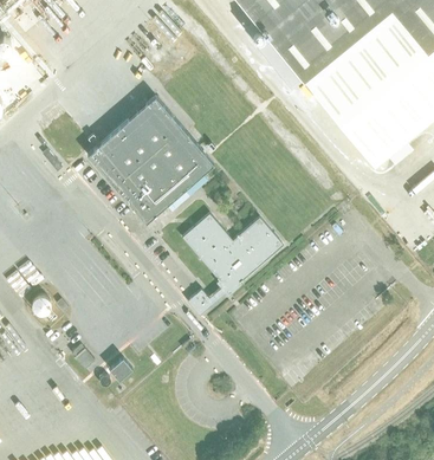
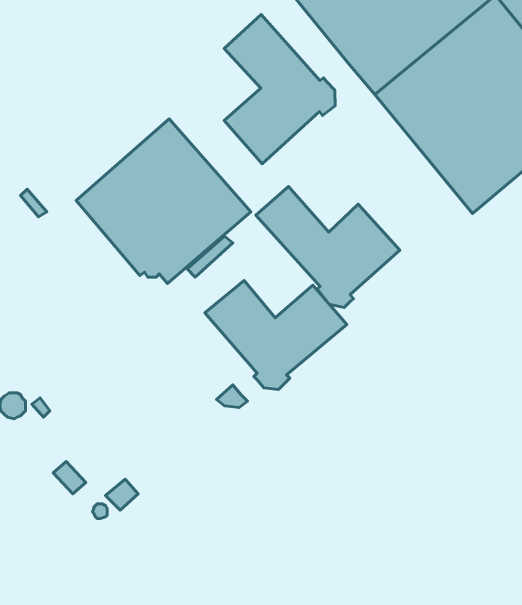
building: none -> [224,14,335,164]
building: none -> [256,187,400,307]

